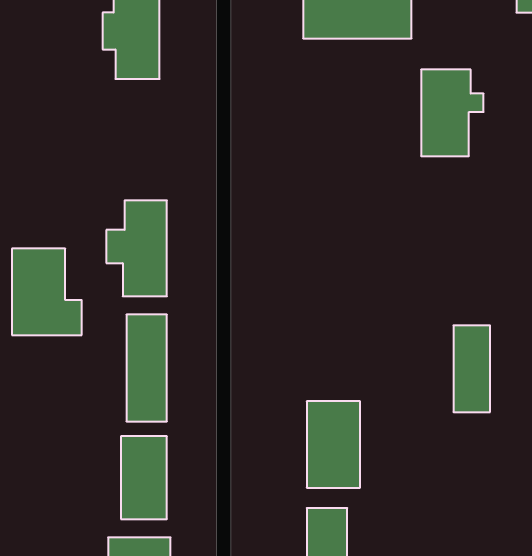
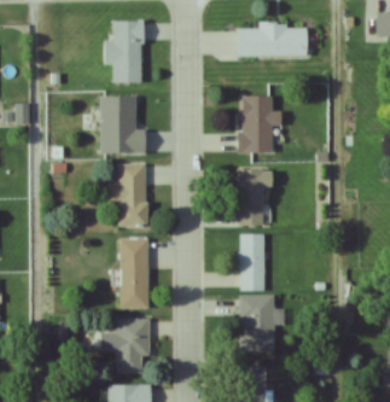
building: [421,70,484,156] -> [240,95,281,152]
building: none -> [239,169,263,225]
building: [12,249,82,335] -> [100,95,146,152]
building: [453,325,490,412] -> [239,233,263,290]

